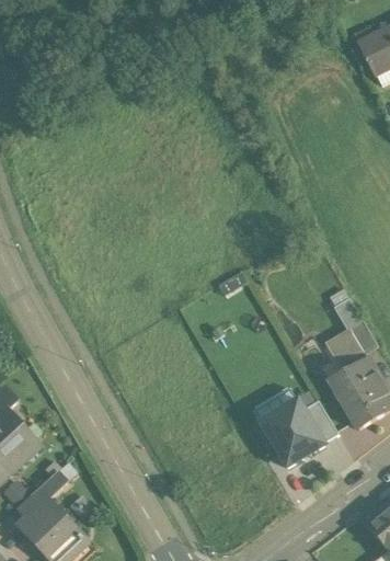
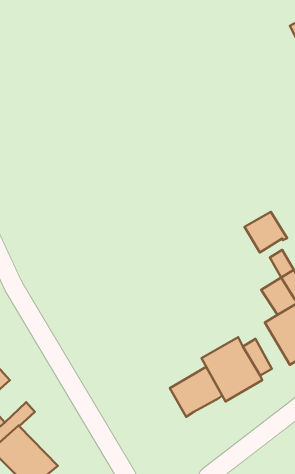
building: none -> [245,212,287,253]
building: none -> [170,367,222,417]

